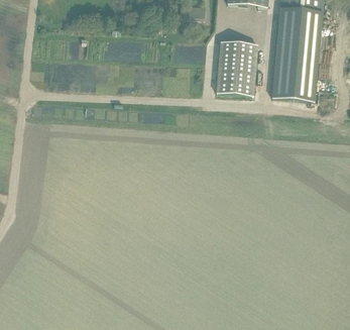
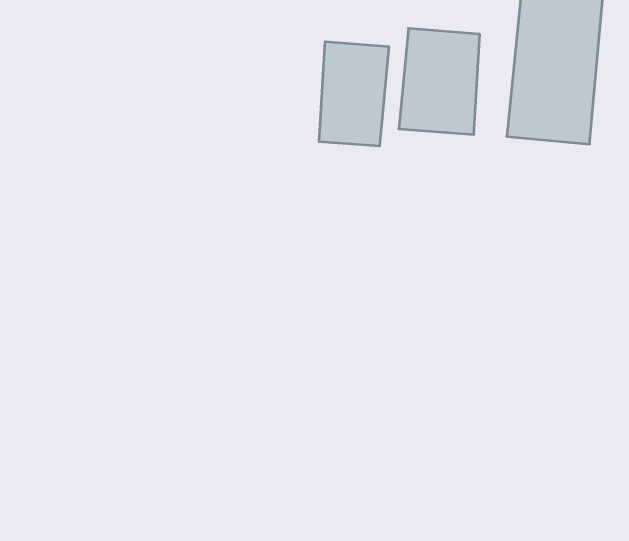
building: none -> [319,42,389,146]

